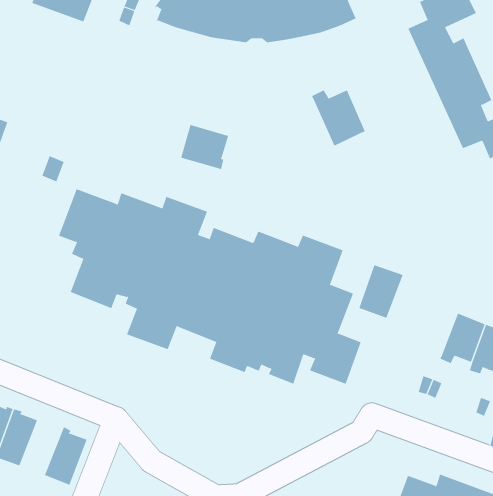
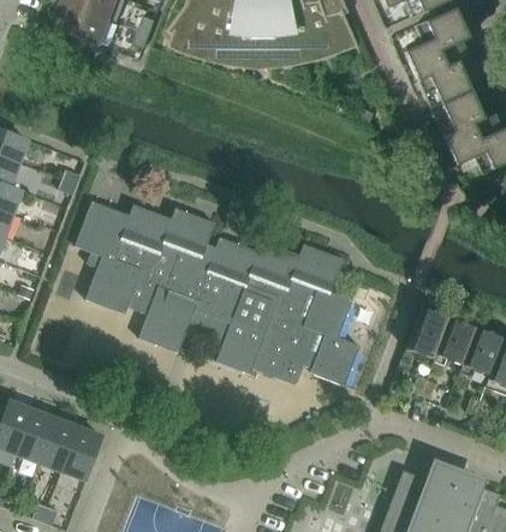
building: [311,89,365,146] -> none
building: [181,124,229,170] -> none
building: [359,265,403,318] -> [407,309,450,359]
building: none -> [38,419,79,471]

